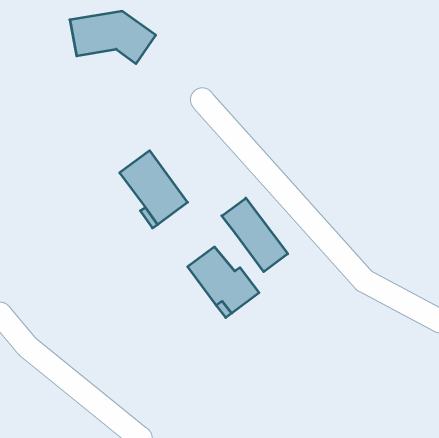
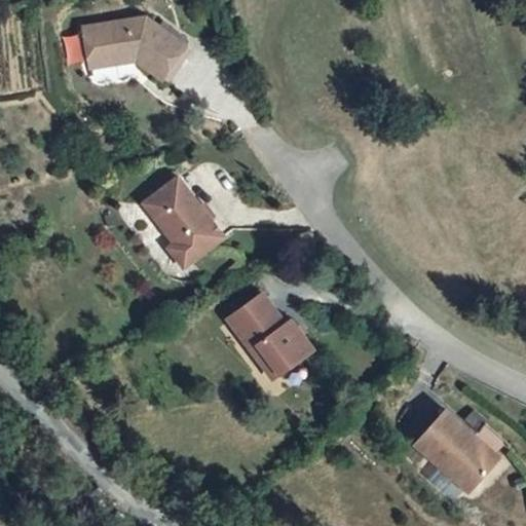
building: [222,198,288,272] -> none
building: none -> [412,410,508,492]

